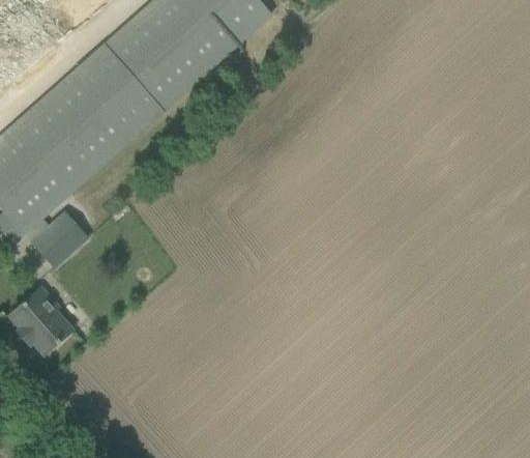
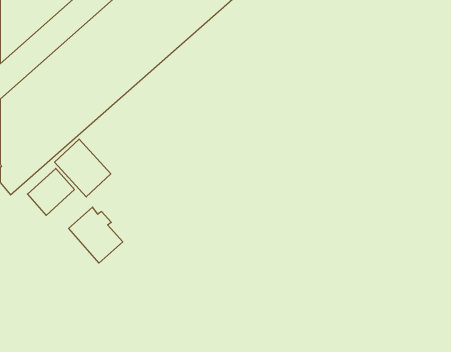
building: none -> [55,139,111,197]
building: [9,288,72,353] -> [69,207,123,263]

